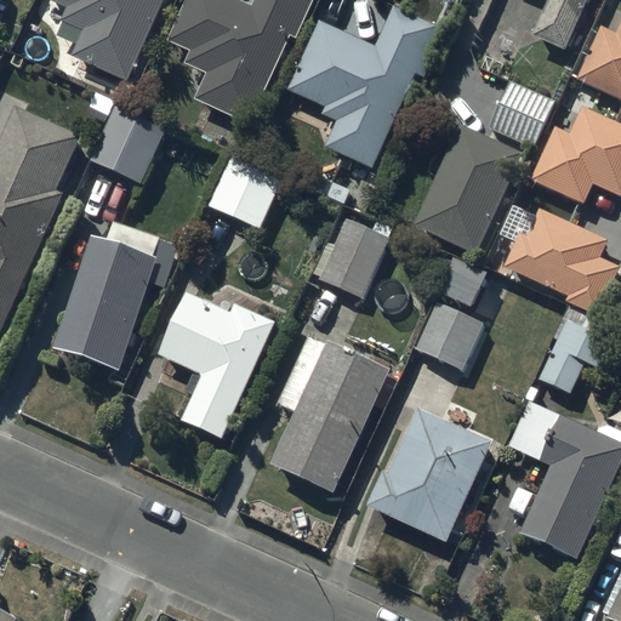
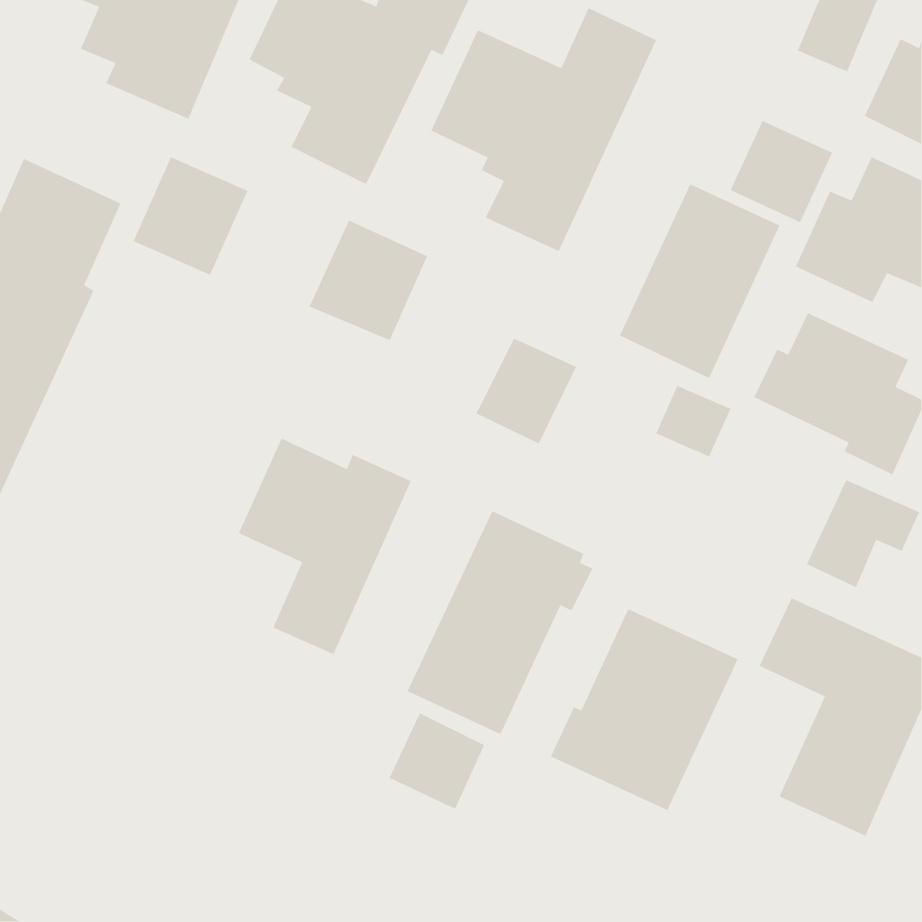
building: [55,235,156,370] -> none
building: [414,301,482,369] -> none
building: none -> [388,712,485,810]

